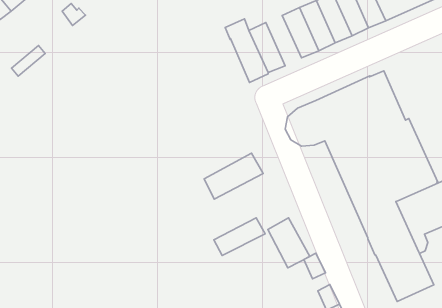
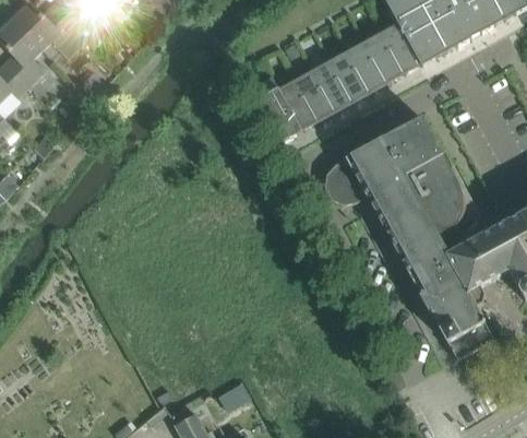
building: none -> [296,68,336,120]
building: [204,153,263,199] -> none
building: [214,218,265,255] -> none
building: [268,218,310,268] -> none

